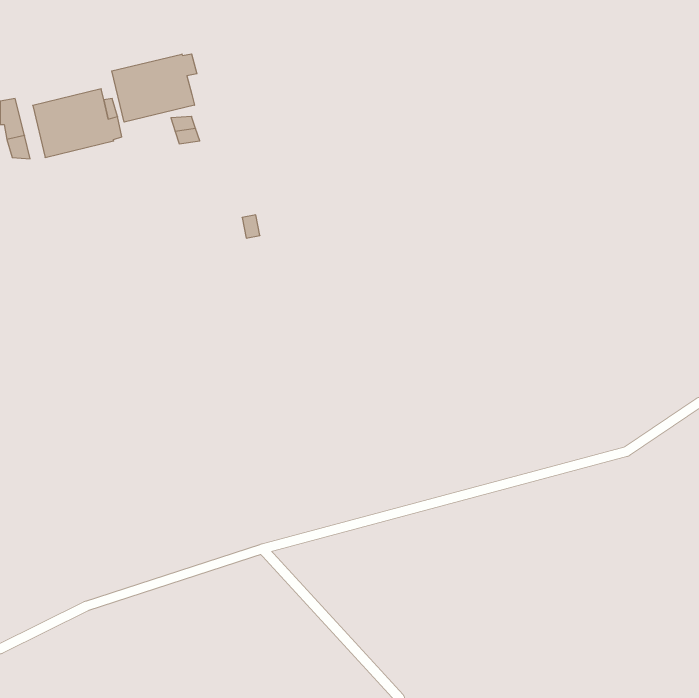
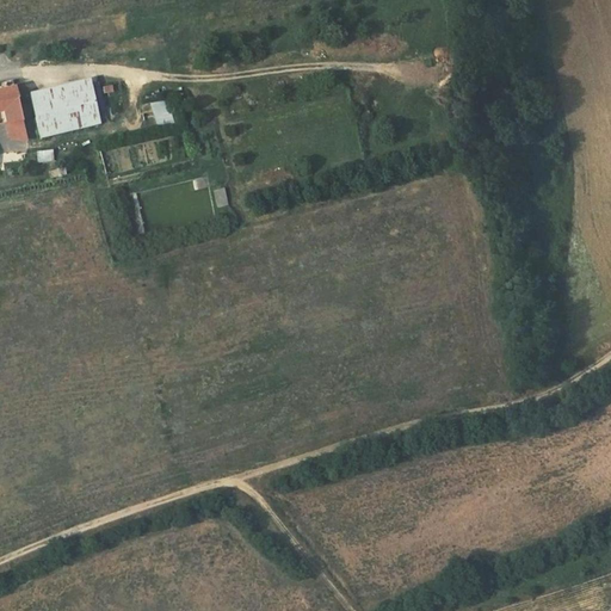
building: [112,54,197,122] -> none

